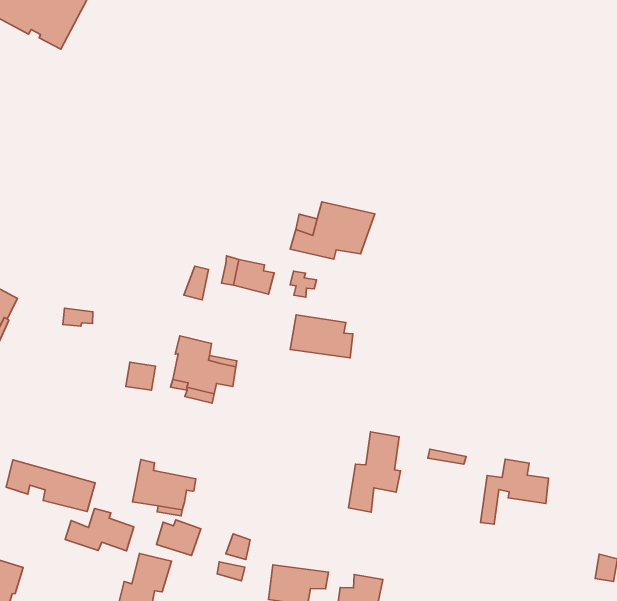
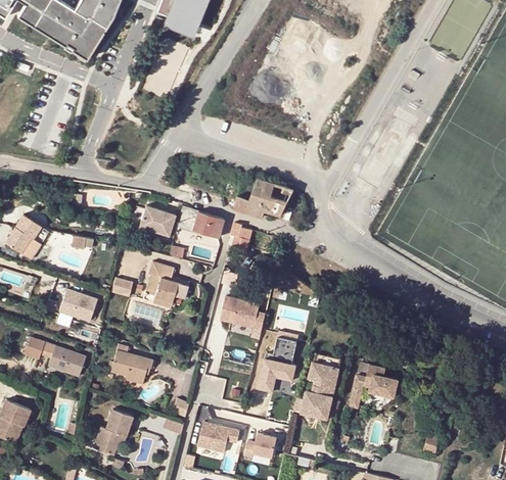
building: none -> [140,207,167,234]
building: [290,315,353,358] -> [221,297,265,330]
building: none -> [56,290,98,328]
building: none -> [292,362,333,417]
building: [65,508,134,551] -> none
building: [156,520,201,555] -> none

